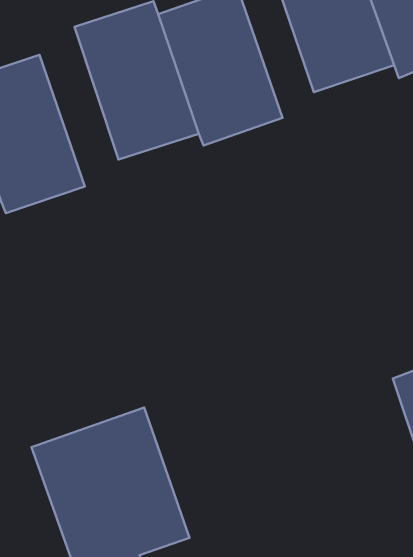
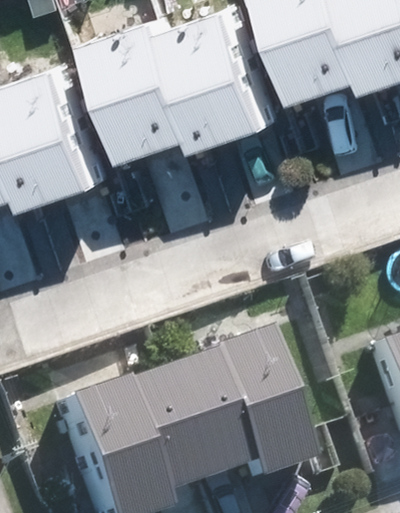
building: none -> [150,339,293,485]

